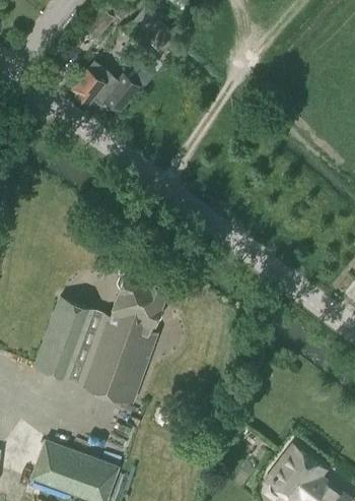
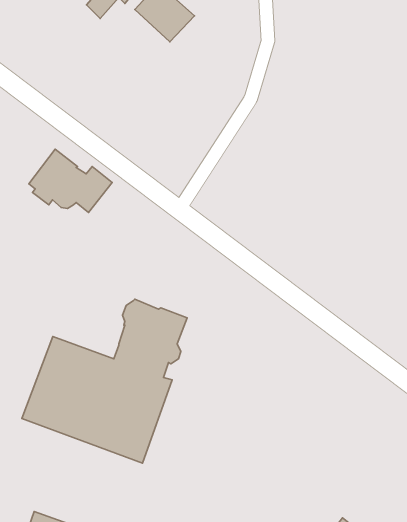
building: [71,60,139,112] -> [29,149,112,212]

